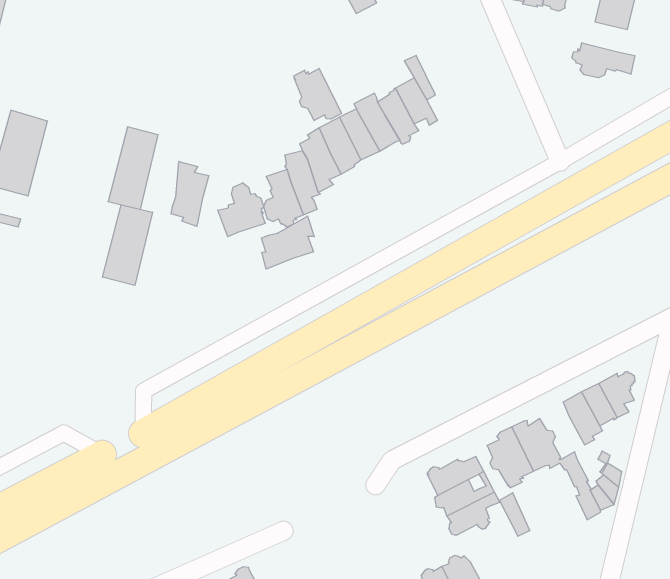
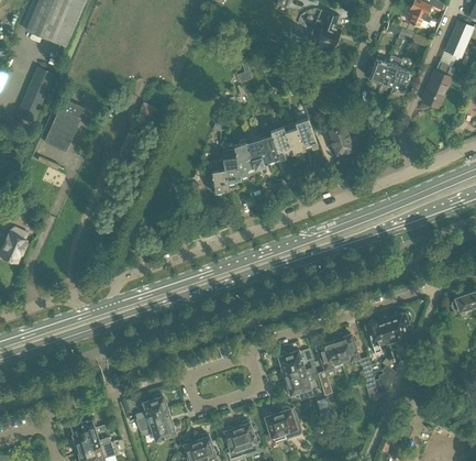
building: [572,43,635,78] -> none
building: [294,68,342,121] -> none
building: none -> [328,123,357,155]
building: [171,161,209,226] -> none
building: [218,183,265,237] -> none
building: [103,205,152,285] -> none
building: [261,216,314,269] -> none

